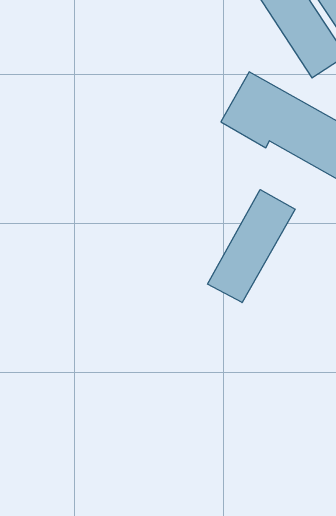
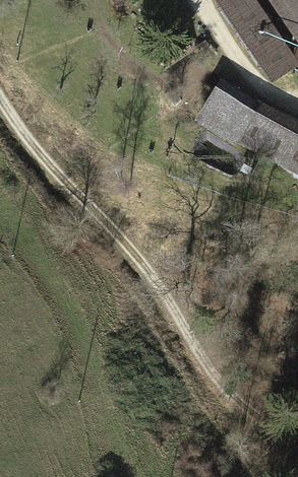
building: [208,190,295,303] -> none

